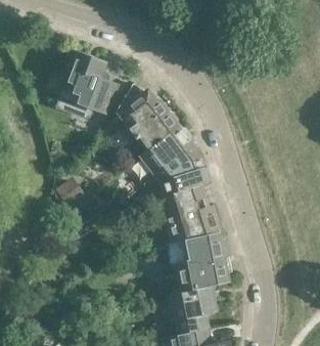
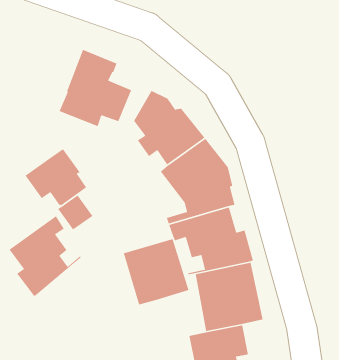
building: none -> [25,148,87,206]
building: none -> [9,215,82,297]
building: none -> [123,238,189,305]

